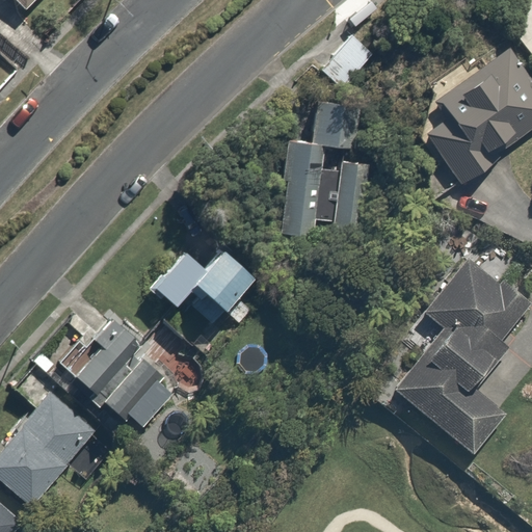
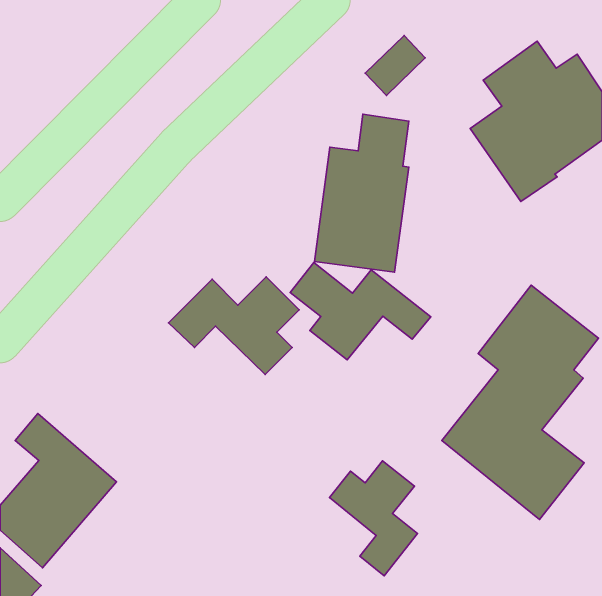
building: none -> [290,263,431,360]
building: [54,317,182,437] -> none
building: none -> [330,461,418,576]

